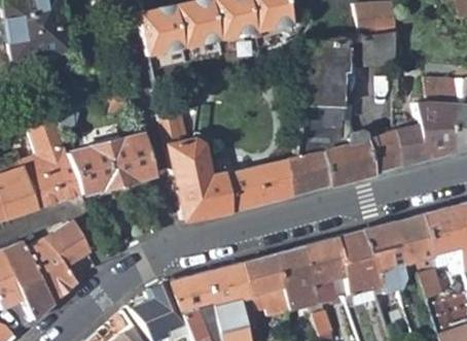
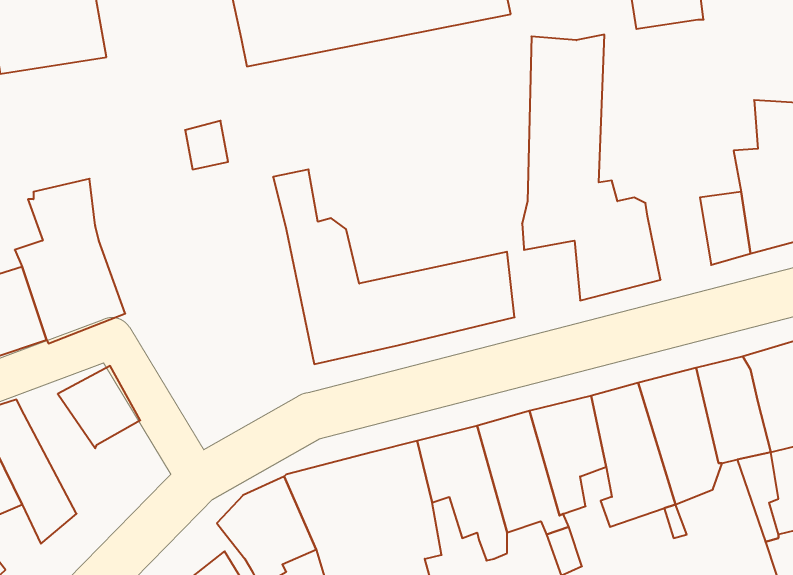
building: [349,30,397,63] -> none
building: [368,128,403,173] -> none
building: [67,133,156,192] -> none
building: [291,151,331,194] -> none
building: [26,236,78,302] -> none

